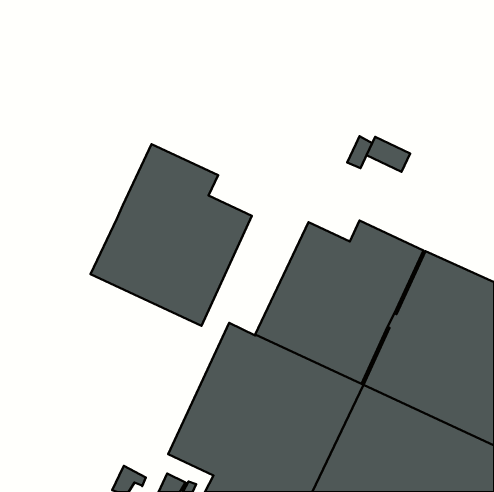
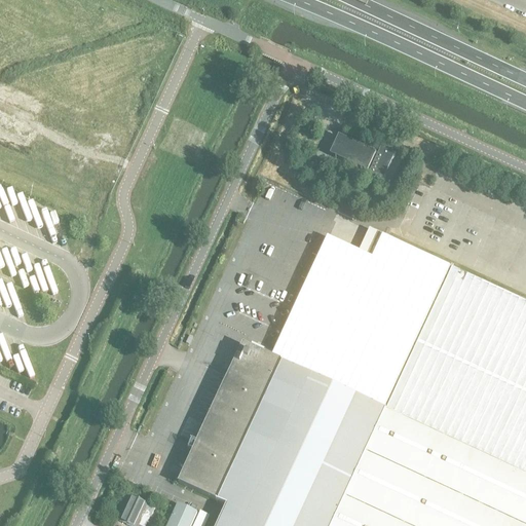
building: [367,137,410,172] -> [330,135,376,172]
building: [91,144,252,326] -> none

